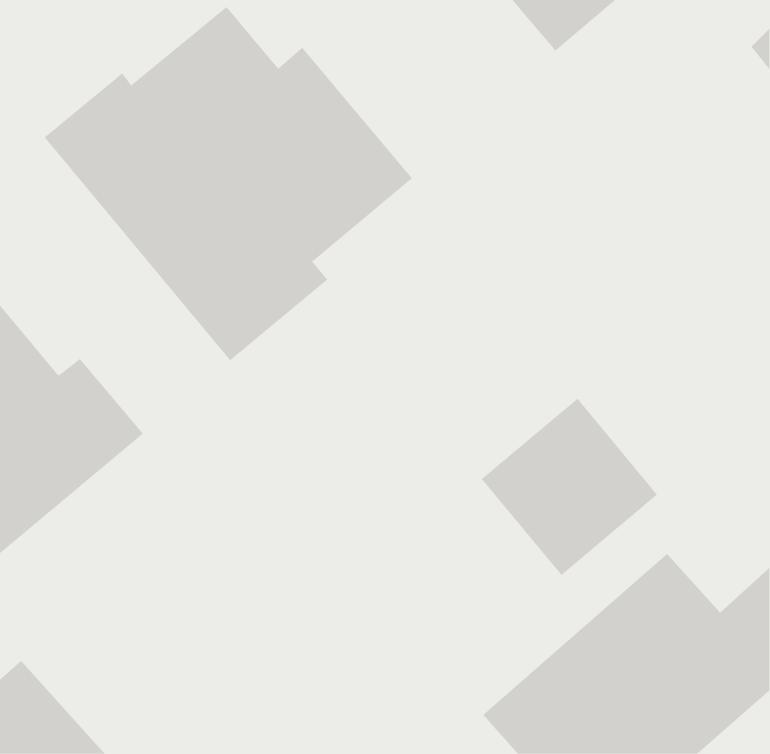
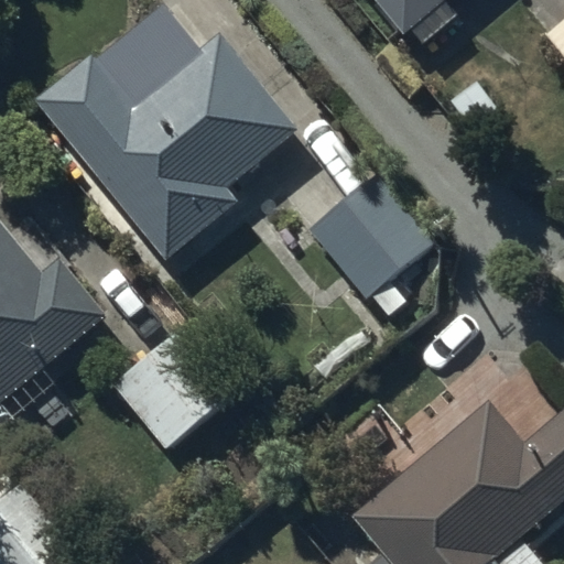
building: [481,398,658,576] -> [307,169,436,299]
building: none -> [111,326,235,448]

